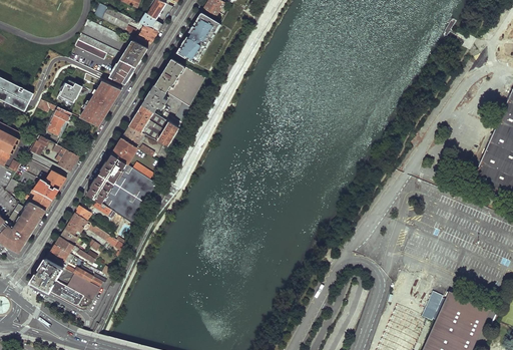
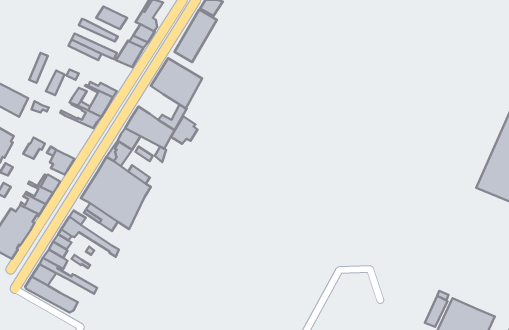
building: [110,59,136,84] -> none
building: [142,84,168,111] -> [171,116,198,144]
building: [46,106,71,135] -> none
building: [66,273,99,300] -> none

